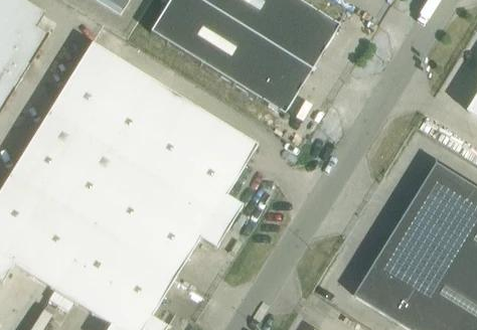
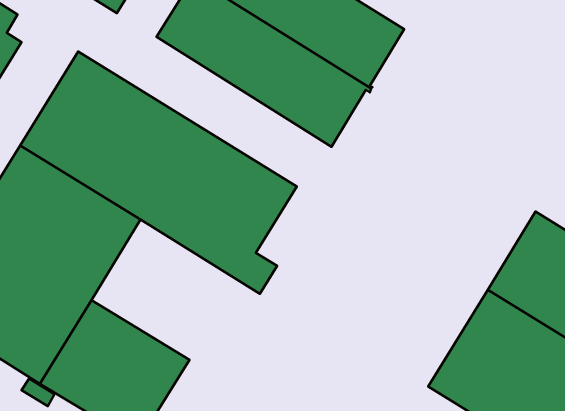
building: [101,168,228,275] -> none

